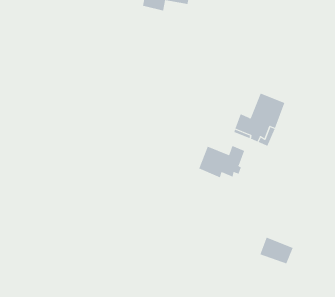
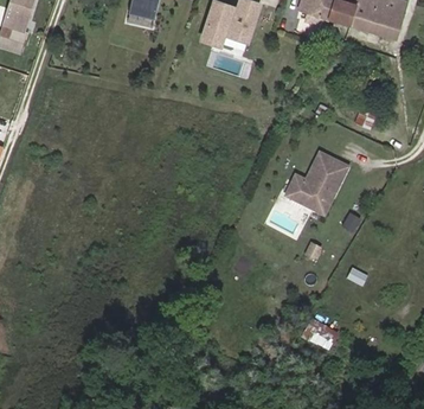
building: [198,145,245,178] -> none

